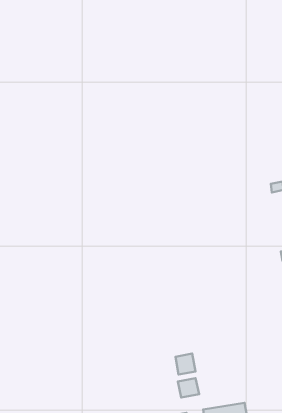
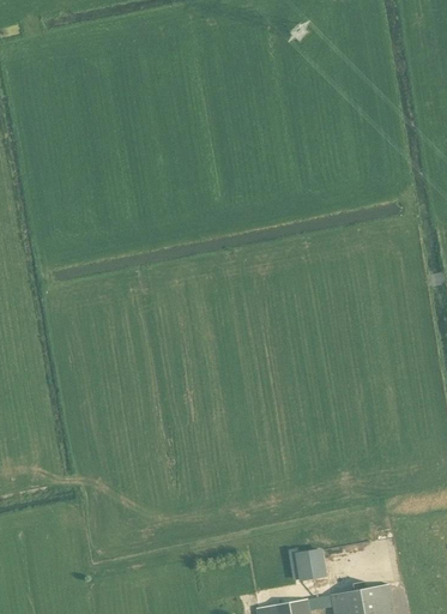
building: [175,354,195,375] -> none

